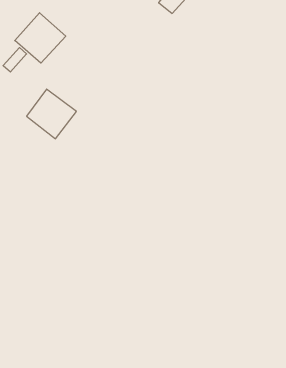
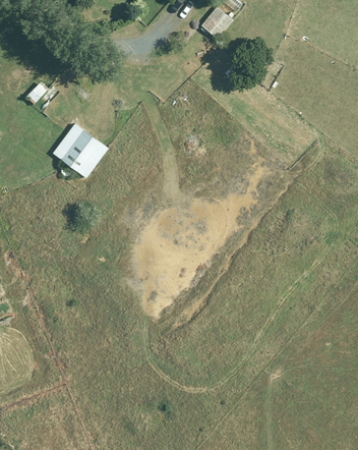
building: [15,13,66,63] -> none

